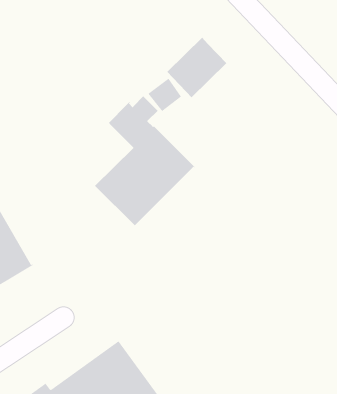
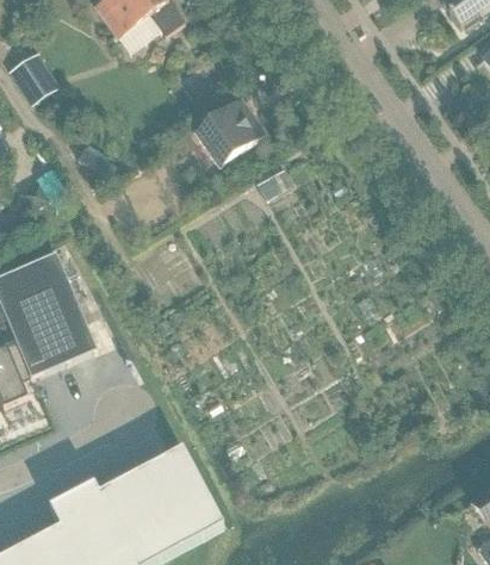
building: [166,37,227,98] -> [194,98,263,164]
building: [94,95,195,226] -> none

